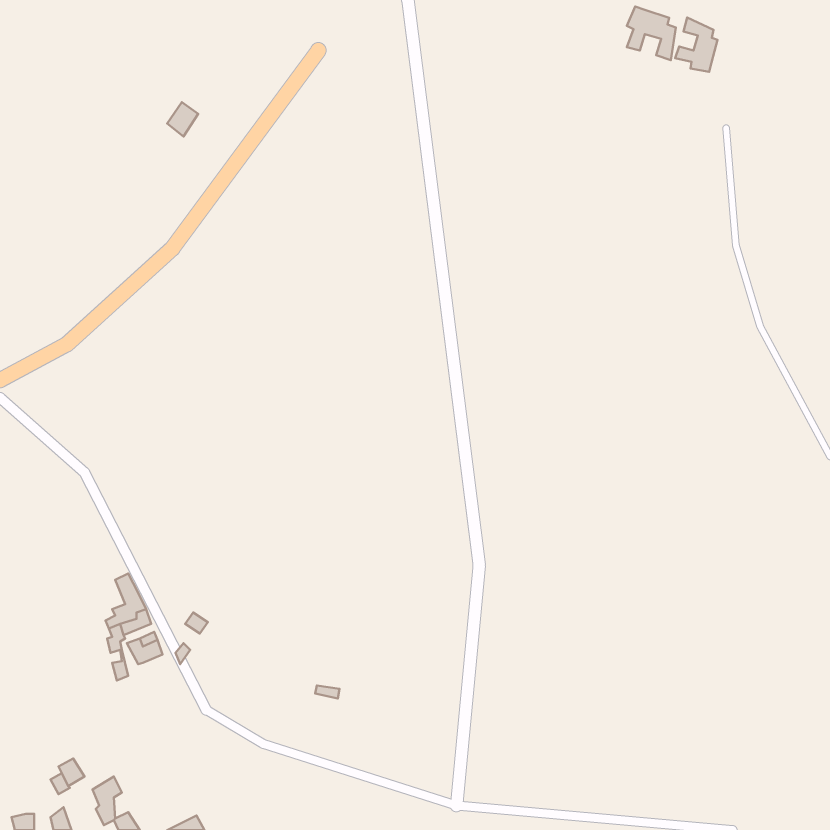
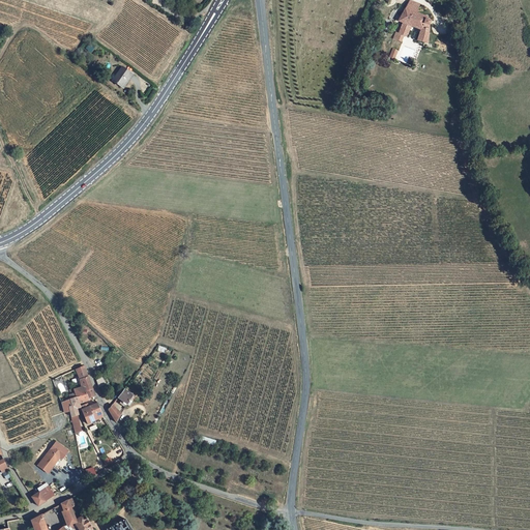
building: [675,18,717,72] -> none
building: none -> [38,442,68,473]

